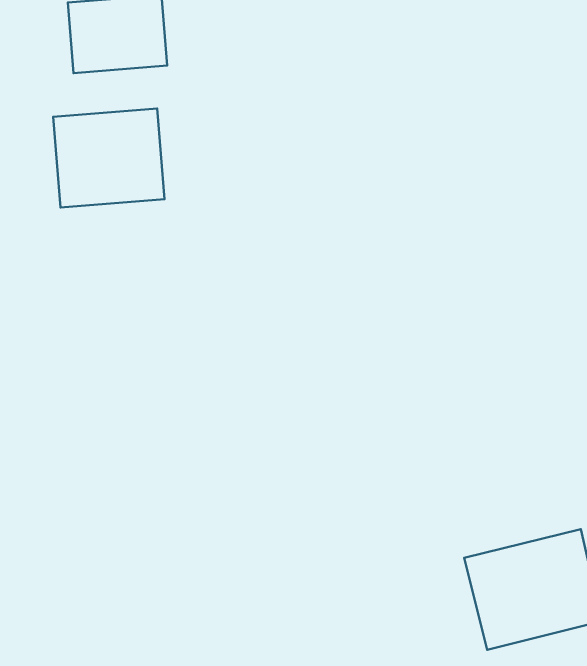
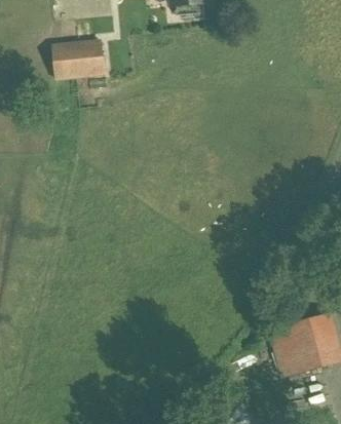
building: [53,108,164,208] -> none

